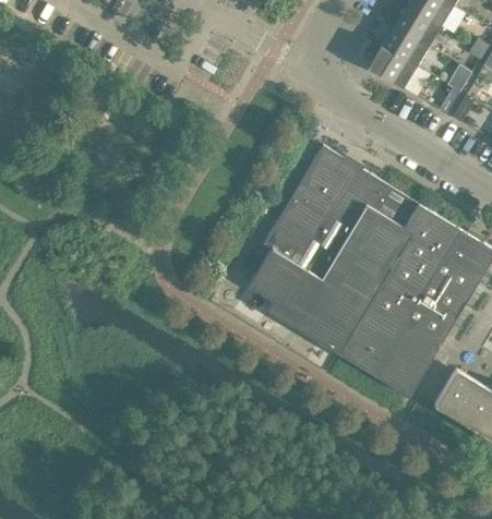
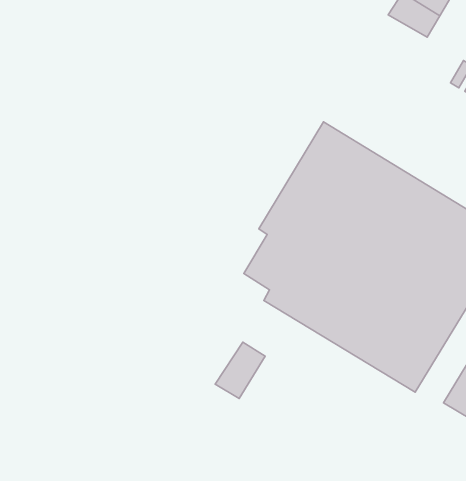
building: [369,46,418,88] -> none
building: none -> [215,342,265,399]

